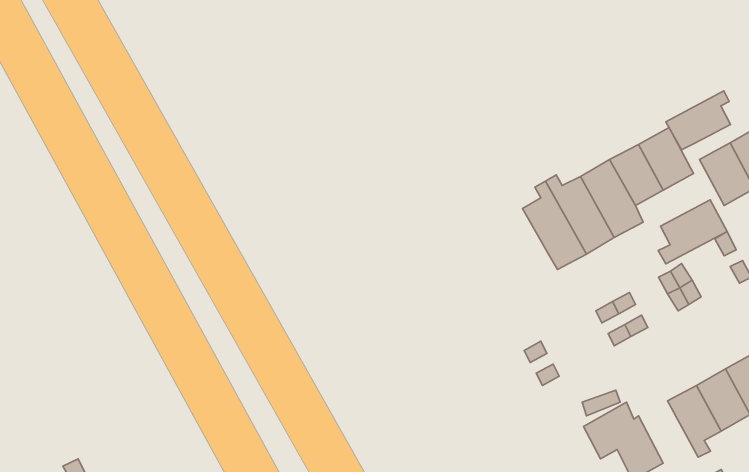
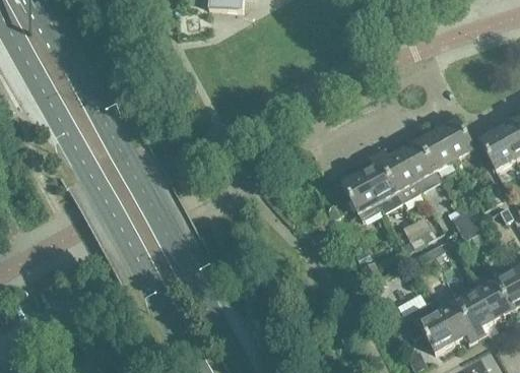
building: [666,91,730,150] -> none
building: [658,200,727,264] -> none
building: none -> [341,172,385,221]
building: none -> [439,300,478,341]

